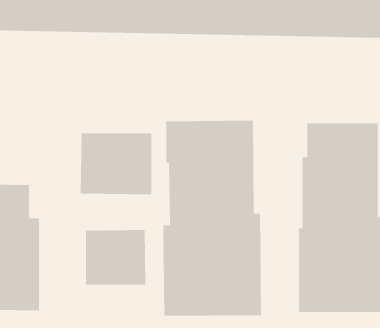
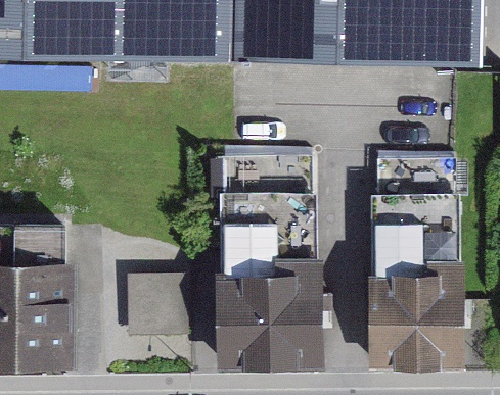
building: [80,132,152,195] -> none

